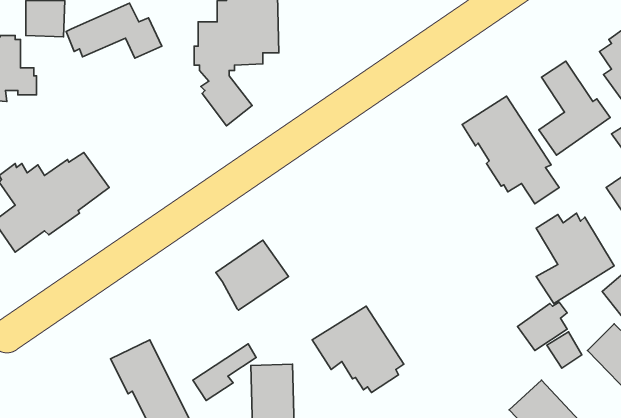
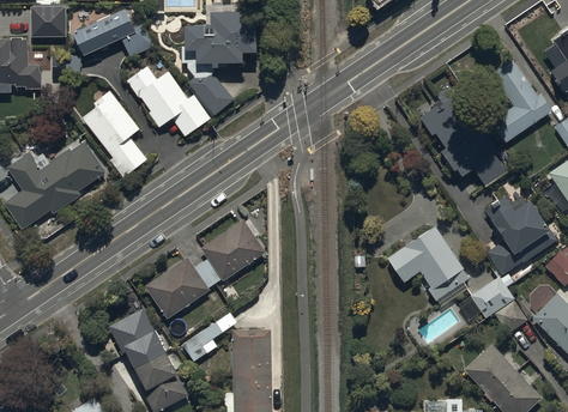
building: none -> [126,66,209,135]
building: none -> [81,90,146,178]
building: none -> [143,255,220,320]
building: [312,306,404,392] -> [387,226,469,303]

